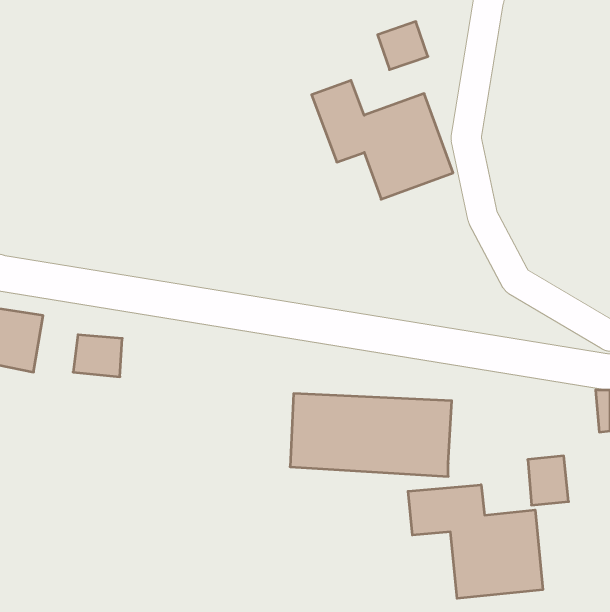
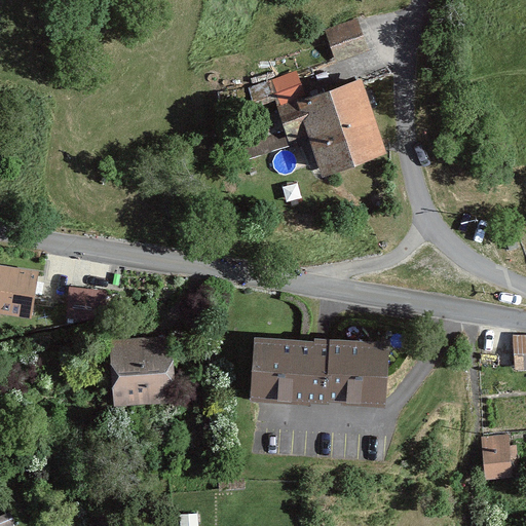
building: none -> [107,334,178,406]
building: [528,456,569,505] -> [479,436,514,478]
building: [408,485,543,598] -> none

